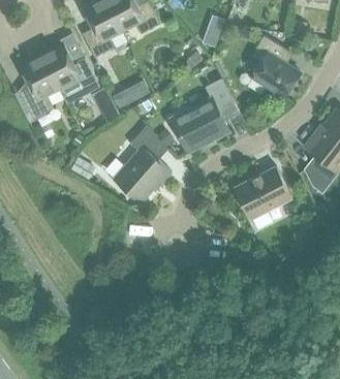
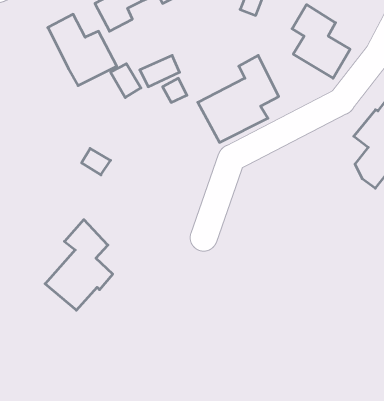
building: [19,54,59,120] -> none
building: [113,125,171,202] -> [45,220,113,310]
building: [234,165,291,228] -> none

